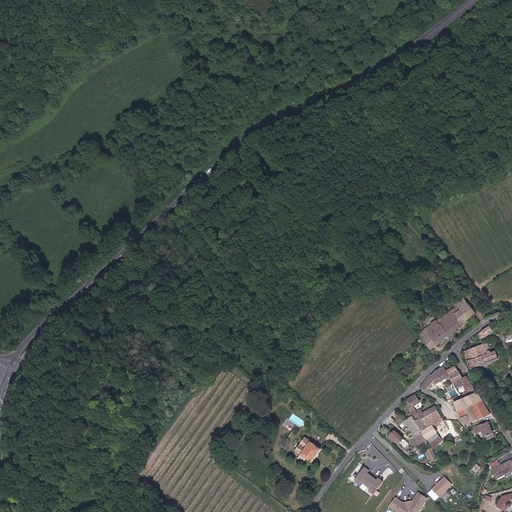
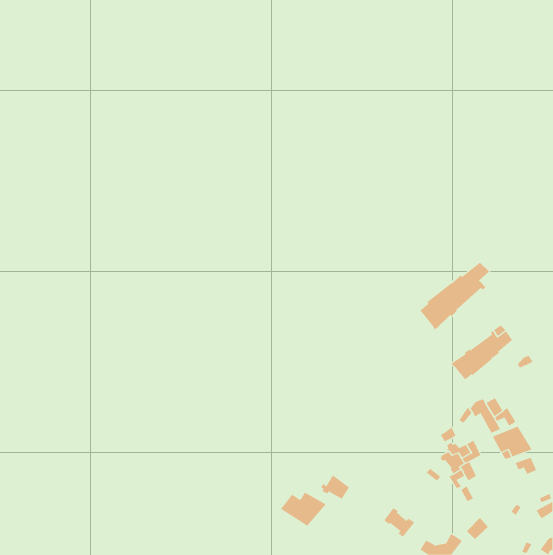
building: none -> [419,262,490,330]
building: [465,343,499,369] -> none
building: none -> [280,492,327,526]

